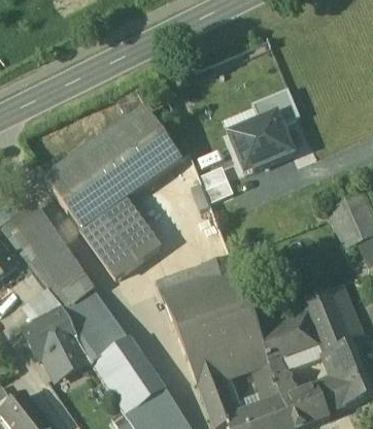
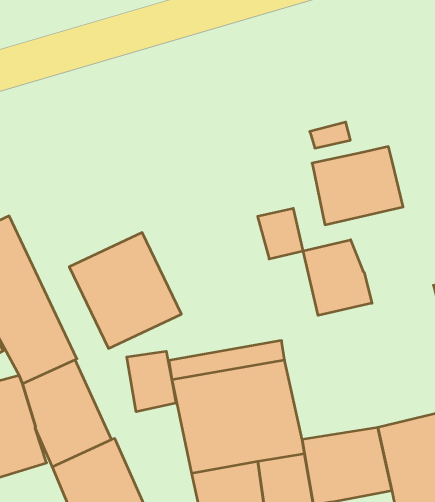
building: [252,88,298,123] -> none
building: [44,107,181,229] -> none
building: none -> [303,240,372,315]
building: none -> [127,351,176,412]

